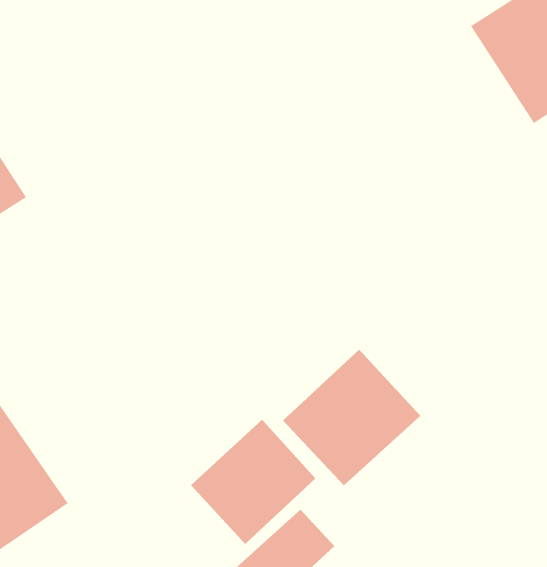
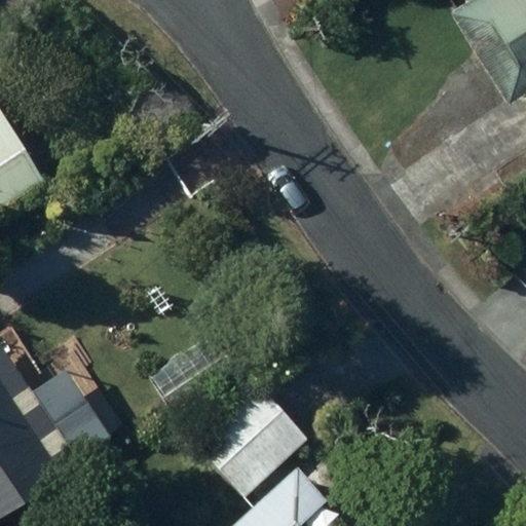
building: [282,349,421,486] -> none

